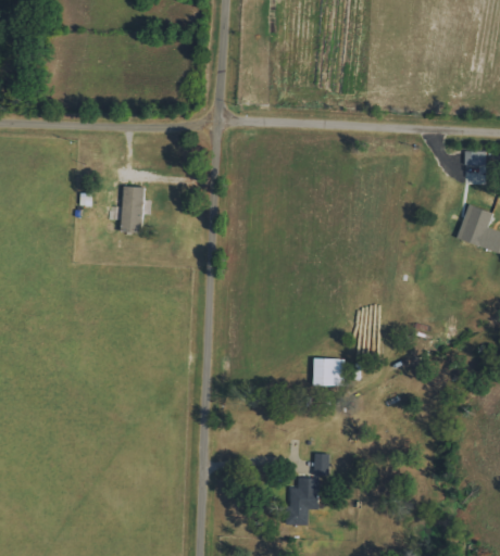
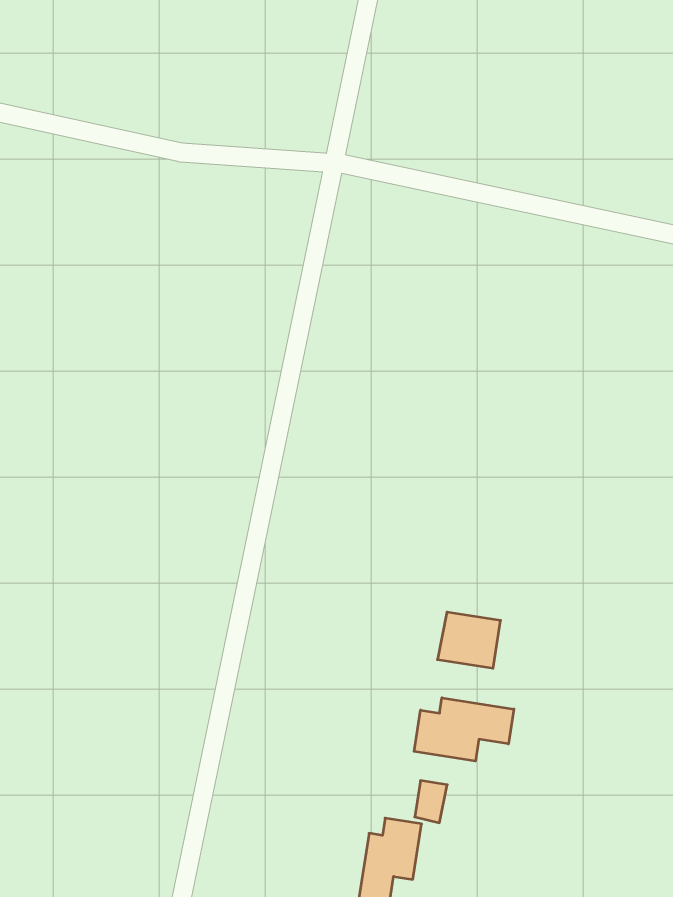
building: [121,186,143,232] -> none
building: none -> [414,698,514,761]

